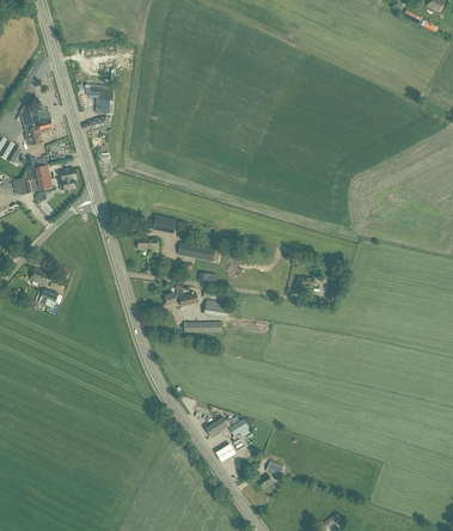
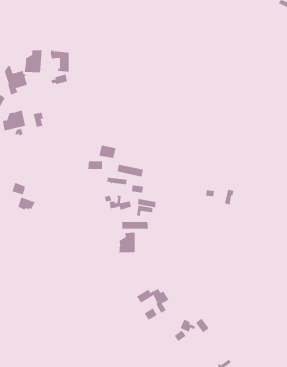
building: none -> [24,49,42,73]
building: none -> [119,232,135,253]

